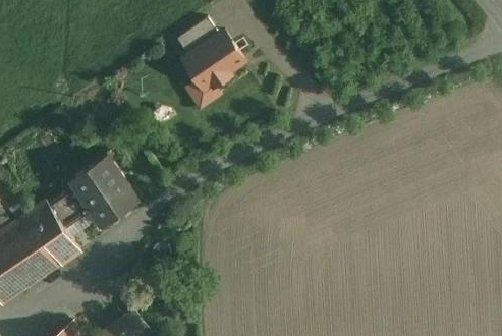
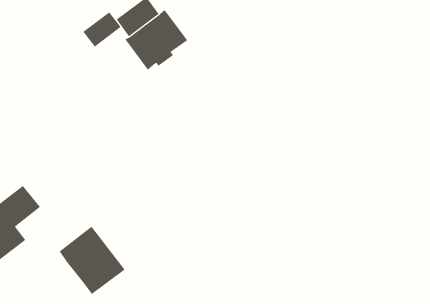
building: none -> [82,11,121,47]
building: [72,165,134,230] -> [59,226,126,295]

